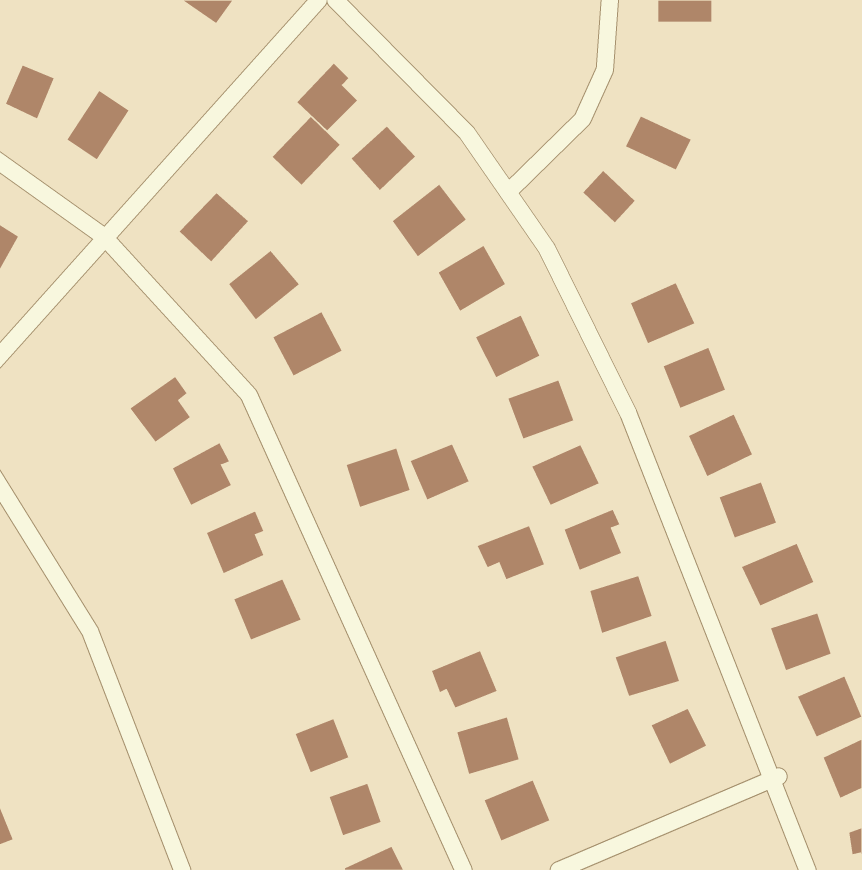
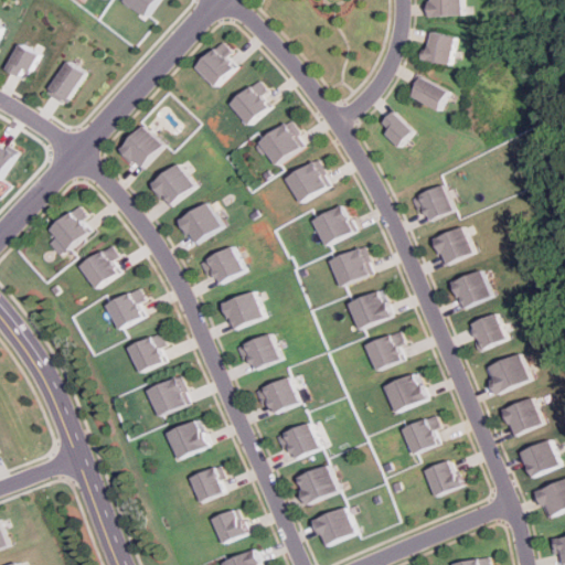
building: none -> [419,30,454,64]
building: [272,116,340,185] -> none
building: none -> [51,204,92,255]
building: none -> [201,245,245,284]
building: [410,444,470,500] -> [244,332,282,369]
building: [477,525,545,580] -> [258,376,302,412]
building: none -> [168,417,213,459]

